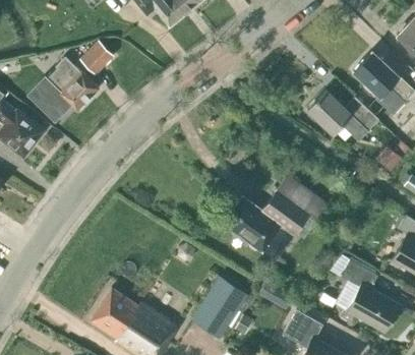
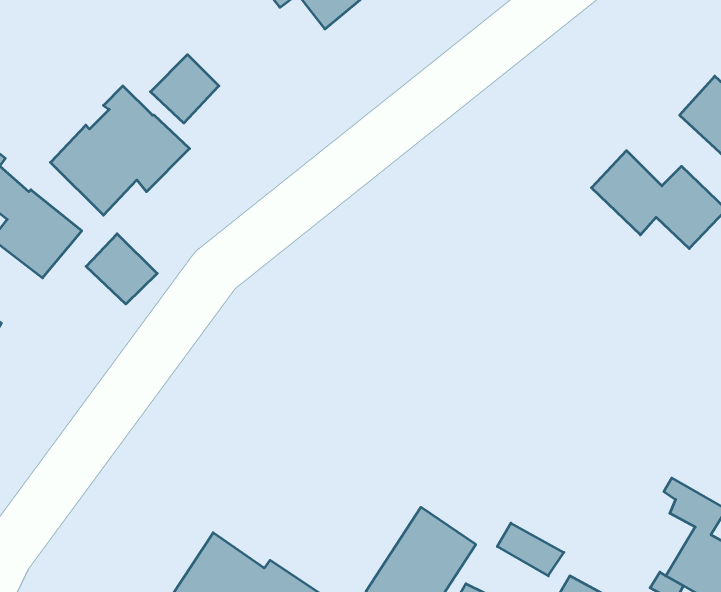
building: none -> [86,234,157,304]
building: [224,176,327,260] -> none

